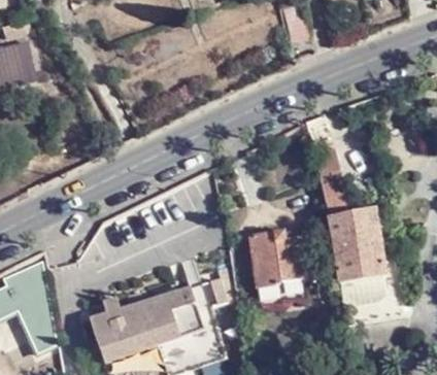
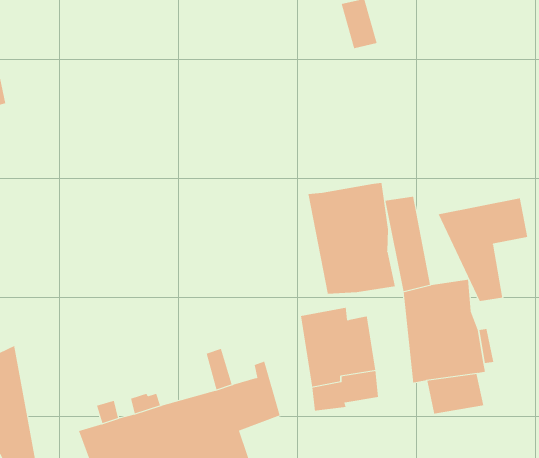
building: none -> [308,182,395,294]
building: none -> [438,197,528,302]

